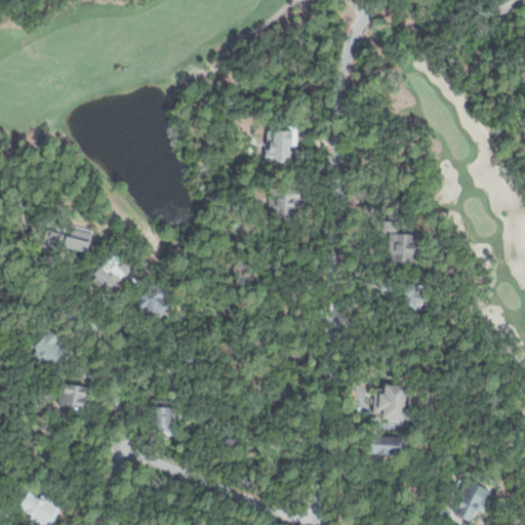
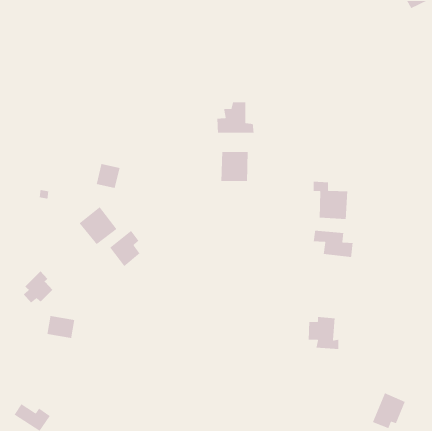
building: [64,225,93,255] -> [96,163,120,189]
building: [153,408,178,438] -> none
building: [369,435,403,457] -> none

